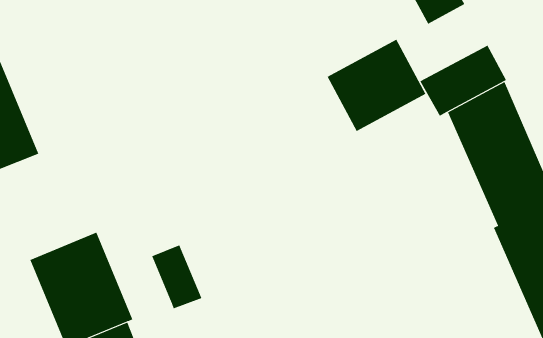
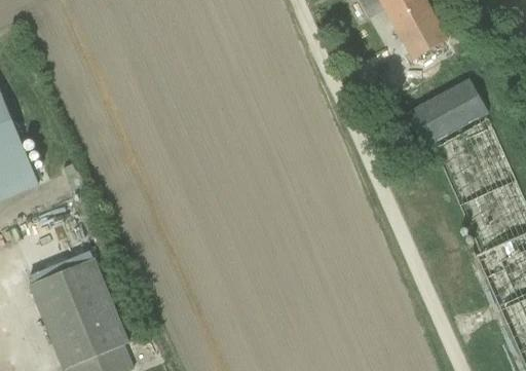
building: [327,39,426,132] -> none
building: [151,244,202,309] -> none

